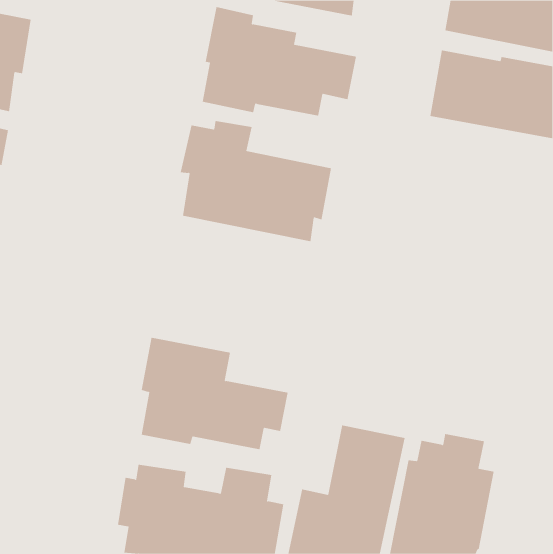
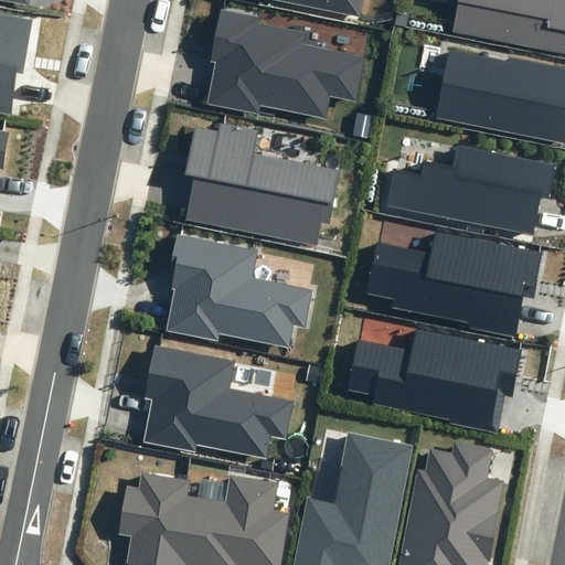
building: none -> [386,145,556,235]
building: none -> [366,232,541,335]
building: none -> [166,234,311,347]
building: none -> [348,331,520,435]

